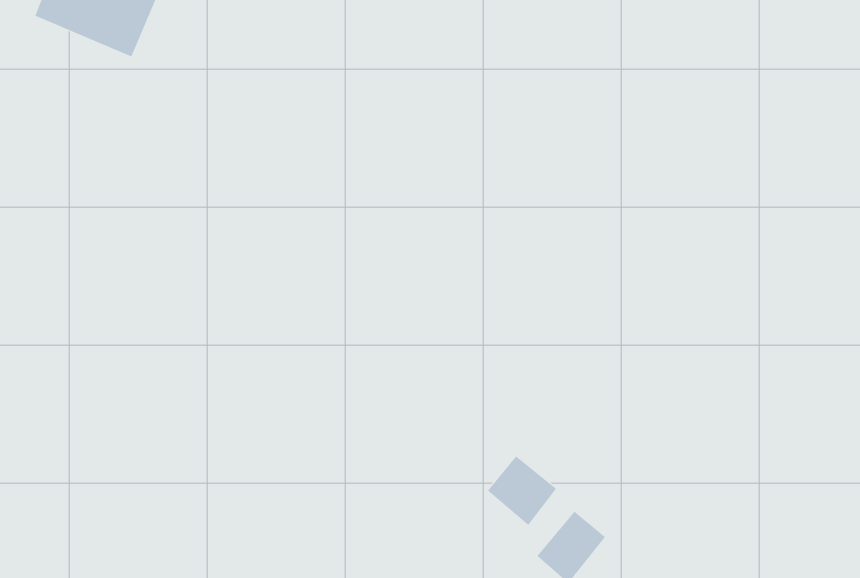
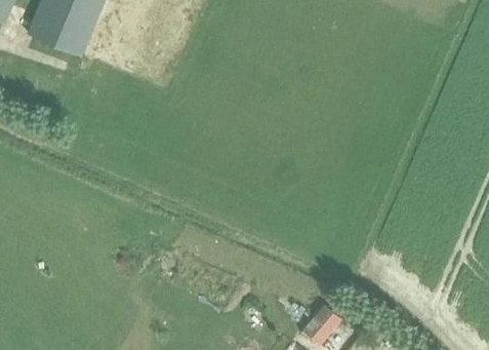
building: [487,455,557,526] -> none

